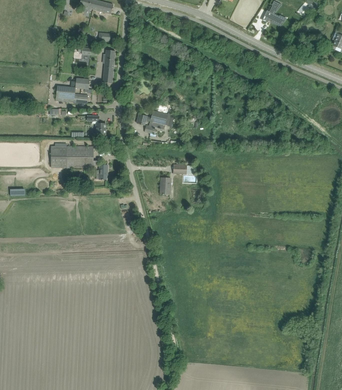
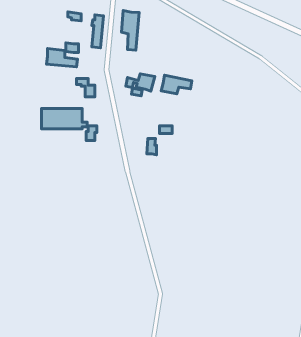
building: none -> [121,10,139,50]
building: none -> [161,75,192,94]

